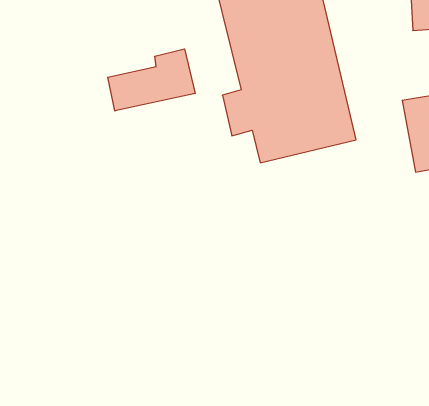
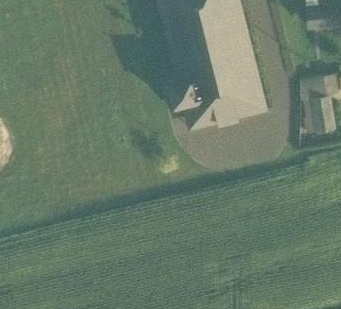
building: [108,49,195,111] -> none

